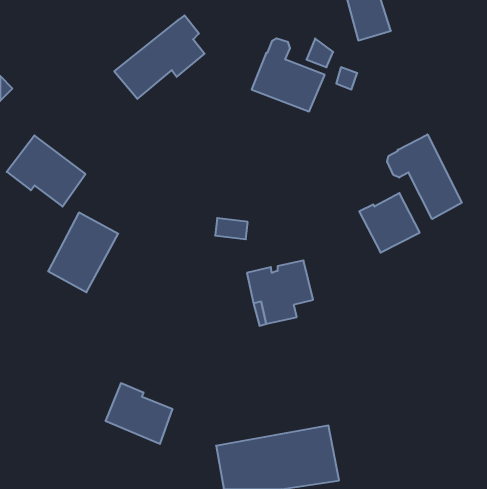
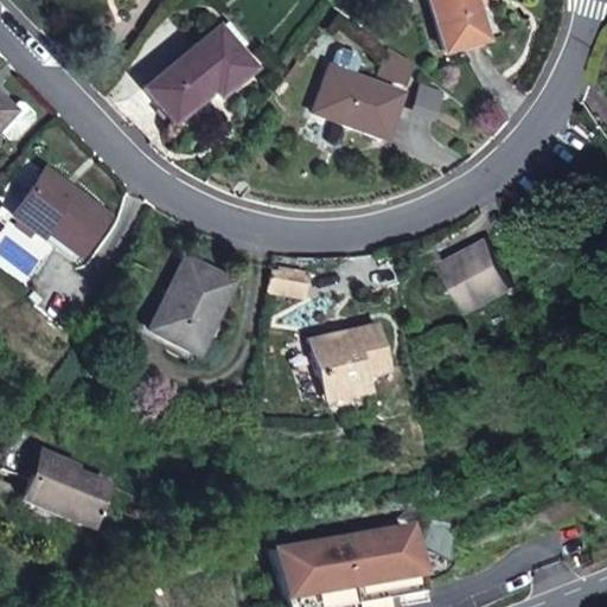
building: [387,134,462,219] -> none
building: [48,213,118,292] -> [149,255,236,353]
building: [105,383,173,444] -> [23,451,106,525]

